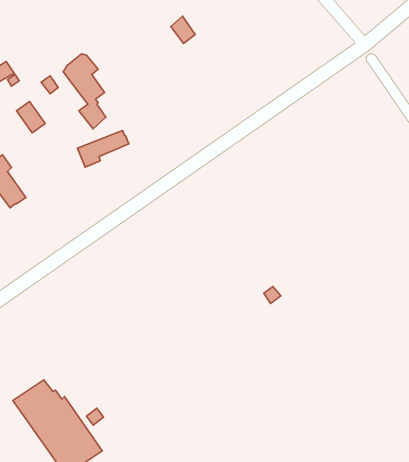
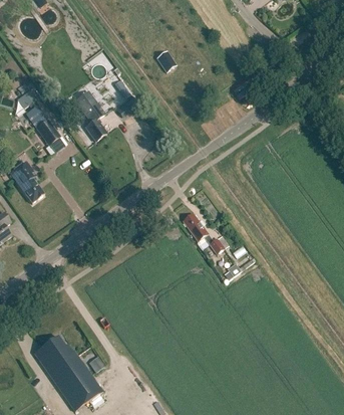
building: [78,131,129,167] -> none
building: none -> [184,213,226,253]

